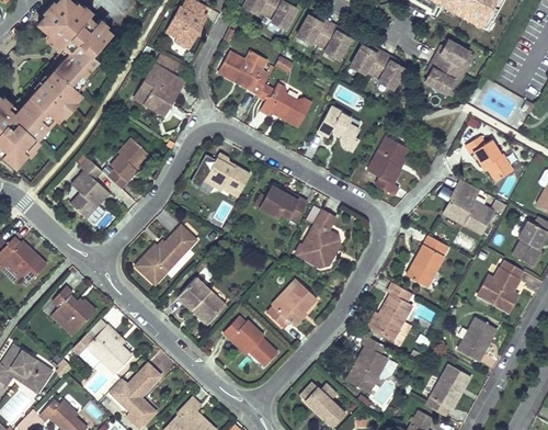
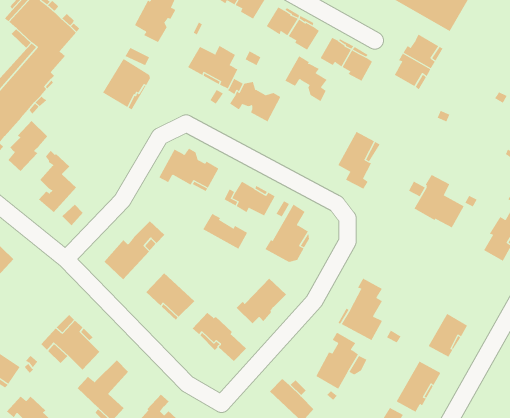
building: [317,105,359,151] -> [284,55,328,102]
building: [465,136,513,181] -> none
building: [107,137,148,189] -> [7,120,48,172]
building: none -> [202,213,248,249]
building: [407,235,448,285] -> none
building: [477,260,523,312] -> none
building: [50,285,95,336] -> none

